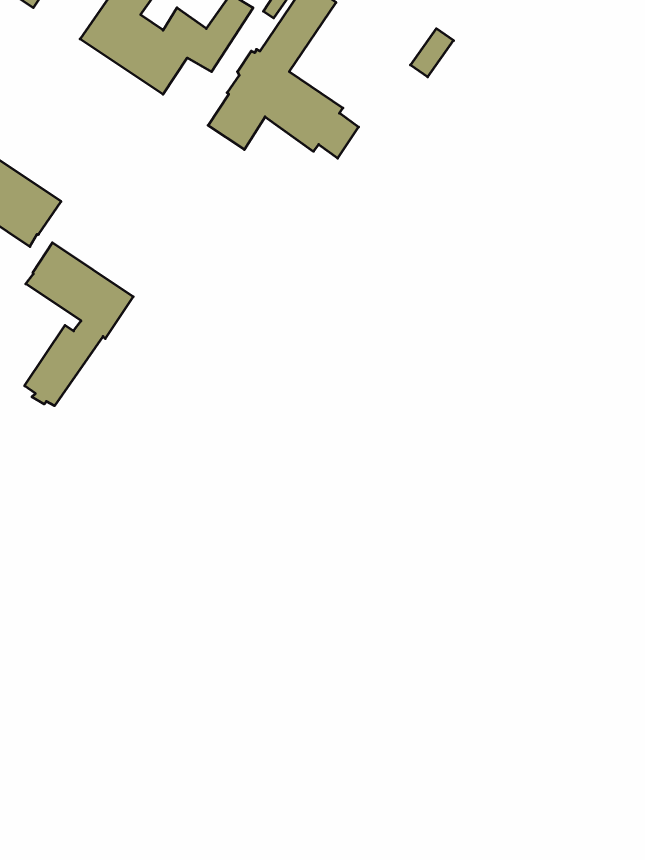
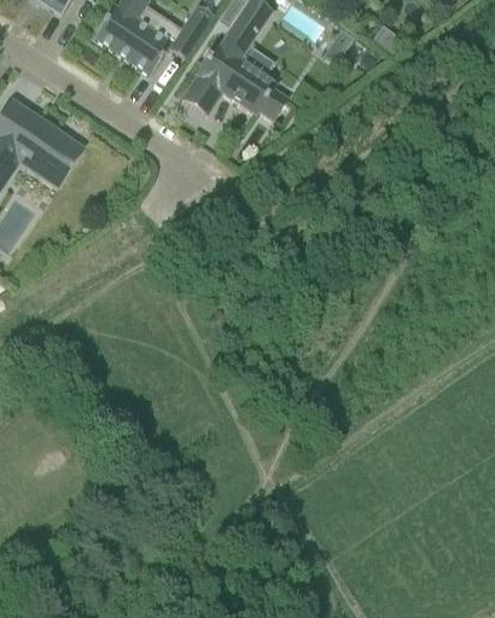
building: [25,243,133,406] -> none

